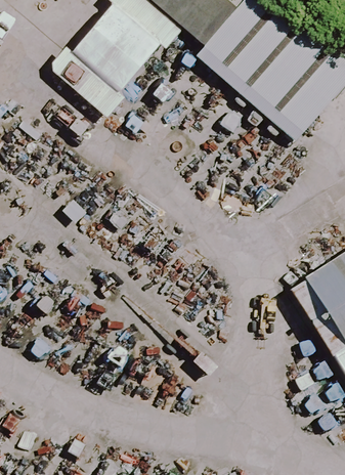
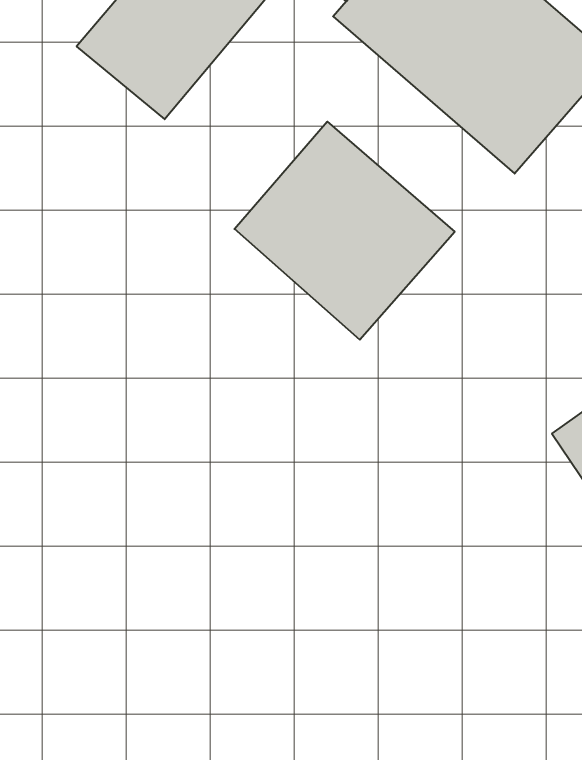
building: none -> [234,122,455,340]

